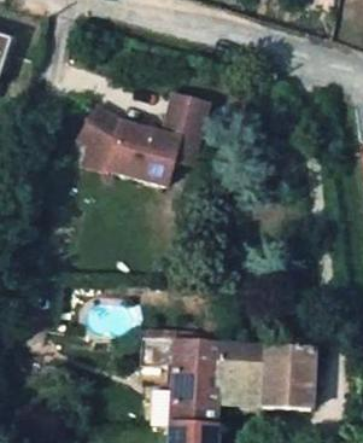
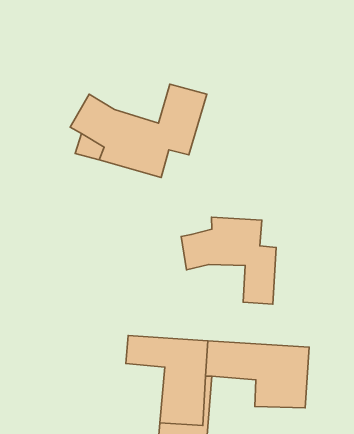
building: none -> [181,217,276,304]

